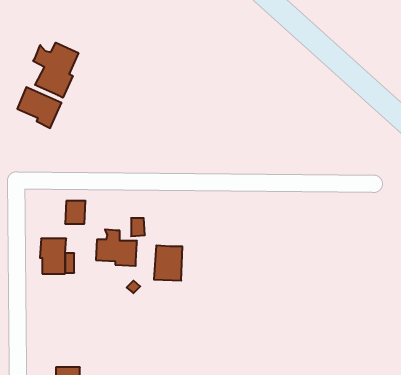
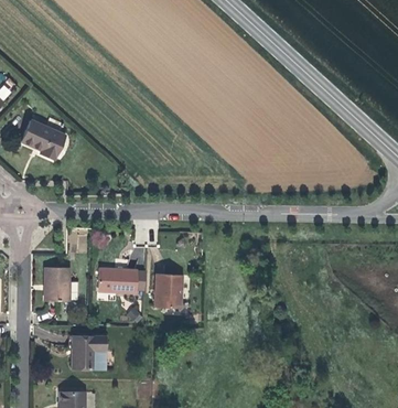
building: [33,43,78,98] -> none
building: none -> [72,335,106,369]

